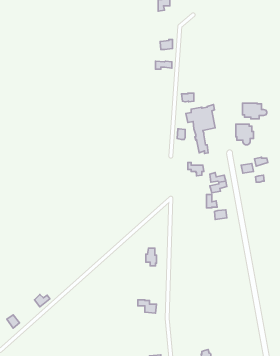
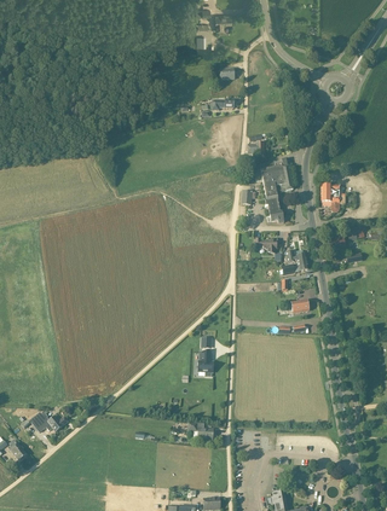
building: [242,103,267,119] -> none

